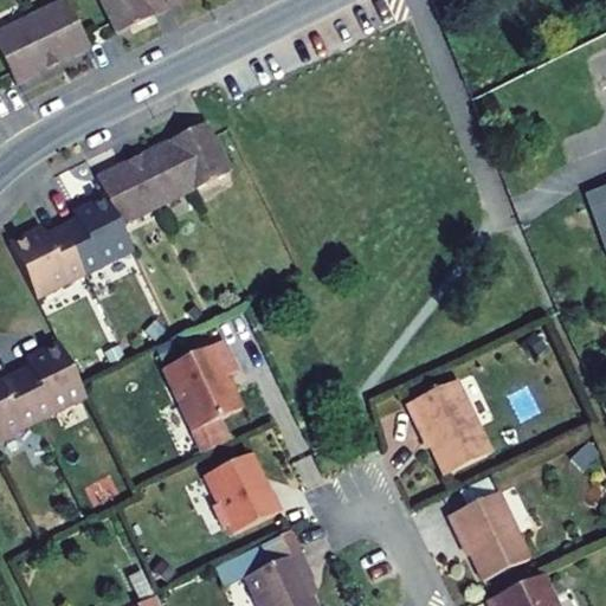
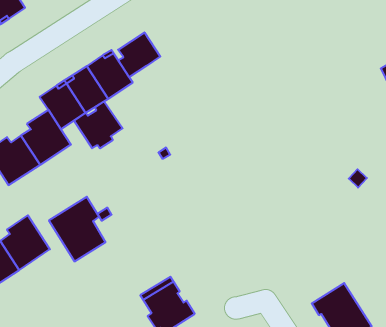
building: none -> [118,32,160,77]
building: none -> [74,101,123,148]
building: [165,340,241,430] -> [49,197,106,261]
building: [406,379,491,473] -> none

